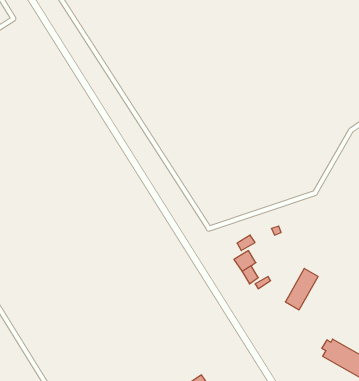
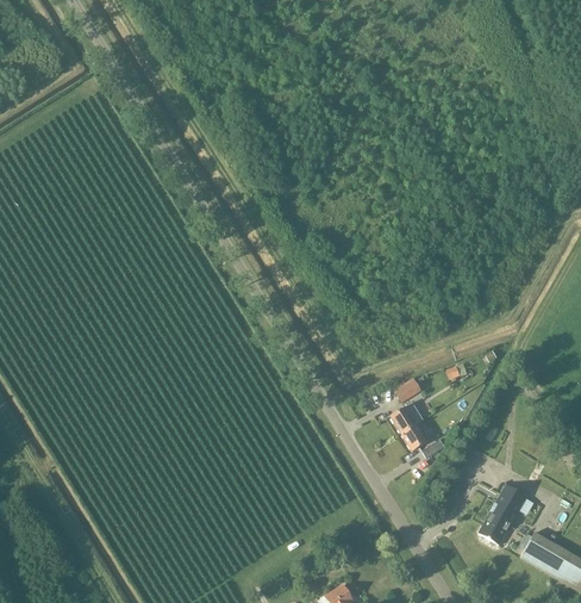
building: [285,268,318,310] -> [481,484,529,545]

